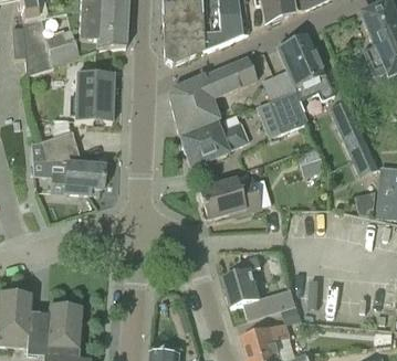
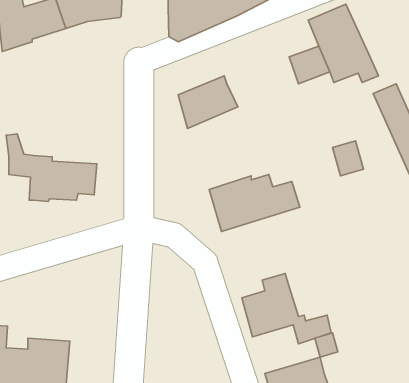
building: [167,57,257,108] -> none
building: [74,71,113,120] -> none
building: [255,89,307,136] -> none
building: [184,121,248,164] -> none
building: [40,131,82,160] -> none

